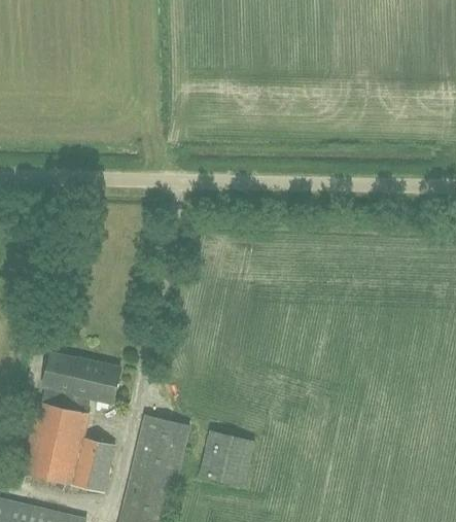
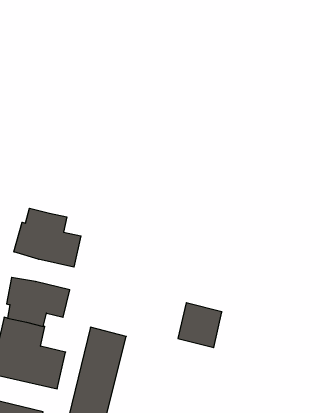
building: none -> [14,208,81,267]
building: [200,429,254,485] -> [178,303,222,348]

